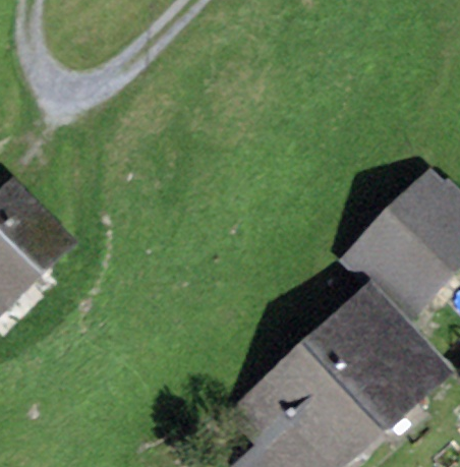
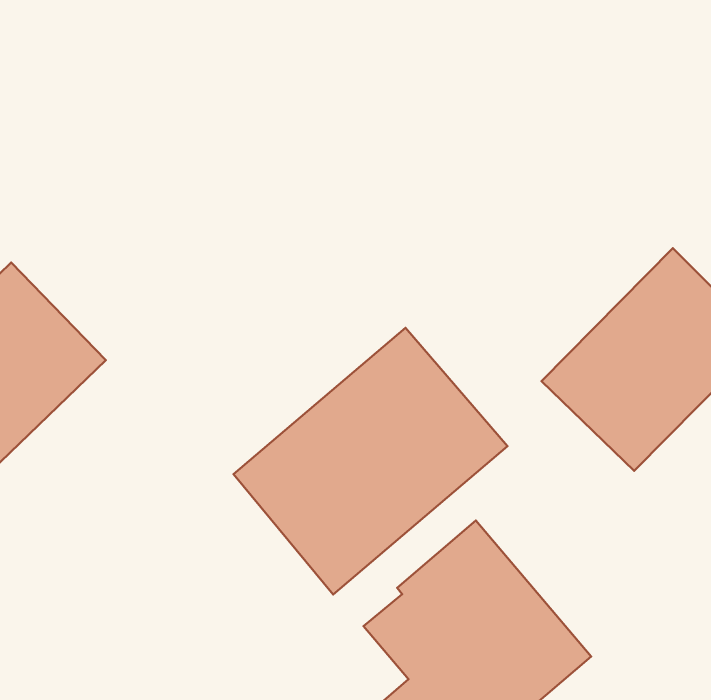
building: none -> [233,328,507,594]
building: [304,295,439,432] -> none

